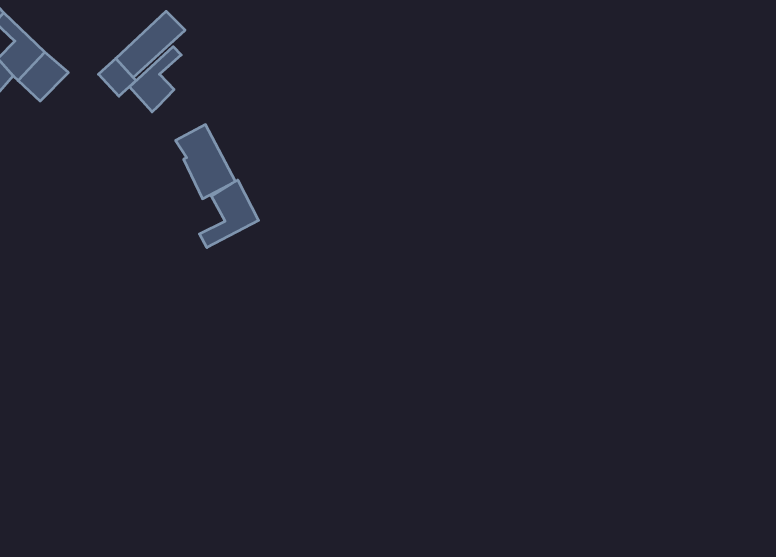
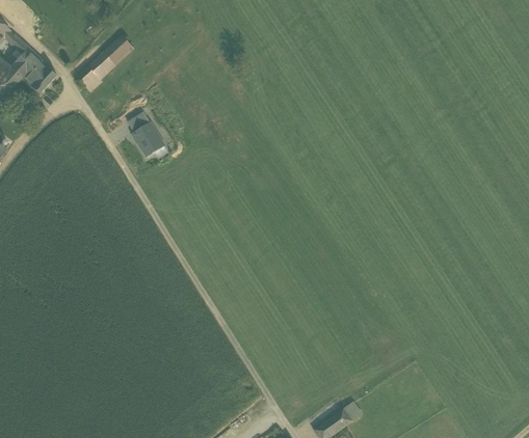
building: [129,47,181,112] -> none
building: [199,180,259,248] -> none

